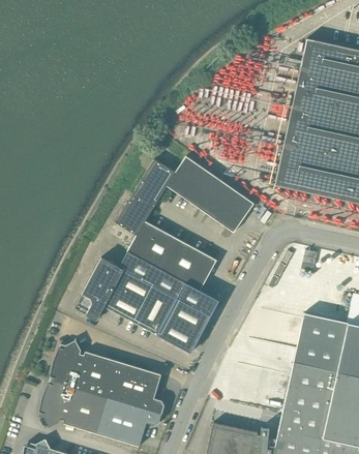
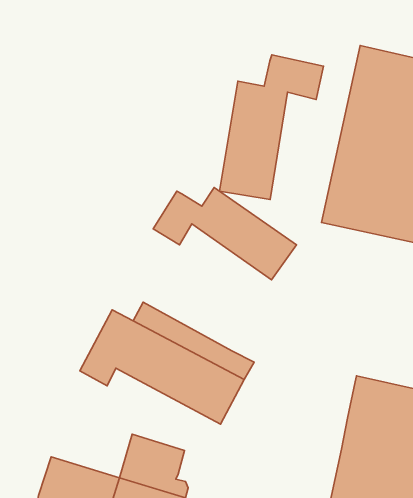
building: none -> [219,55,324,199]
building: [115,190,216,292] -> none
building: [50,340,117,397] -> none

